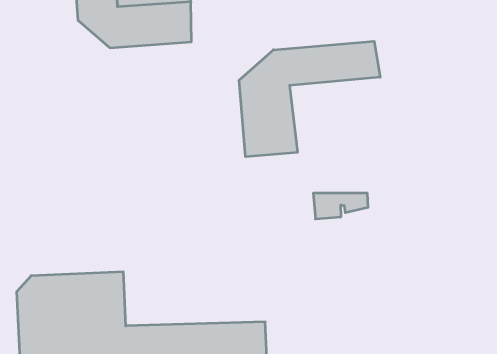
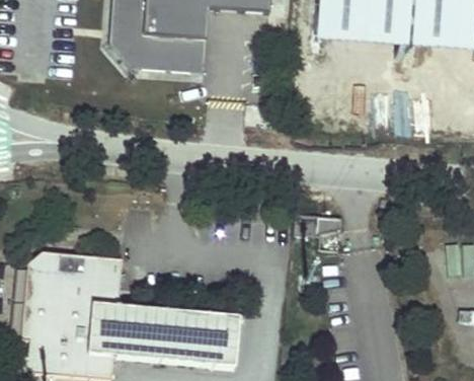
building: [239,41,380,157] -> none

